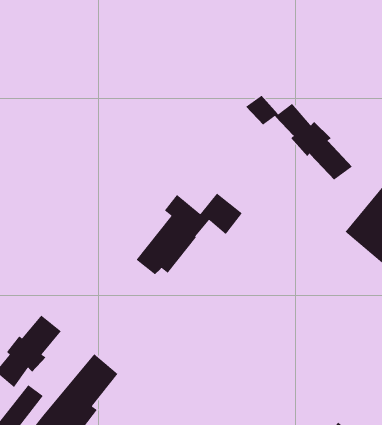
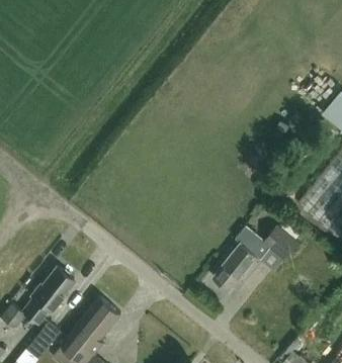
building: [245,95,353,181] -> none
building: [136,193,243,275] -> [212,225,296,290]

